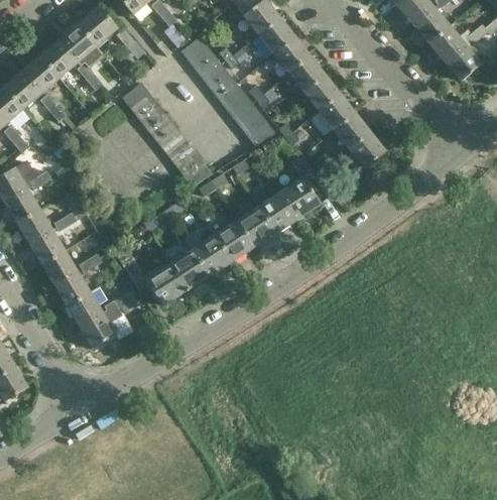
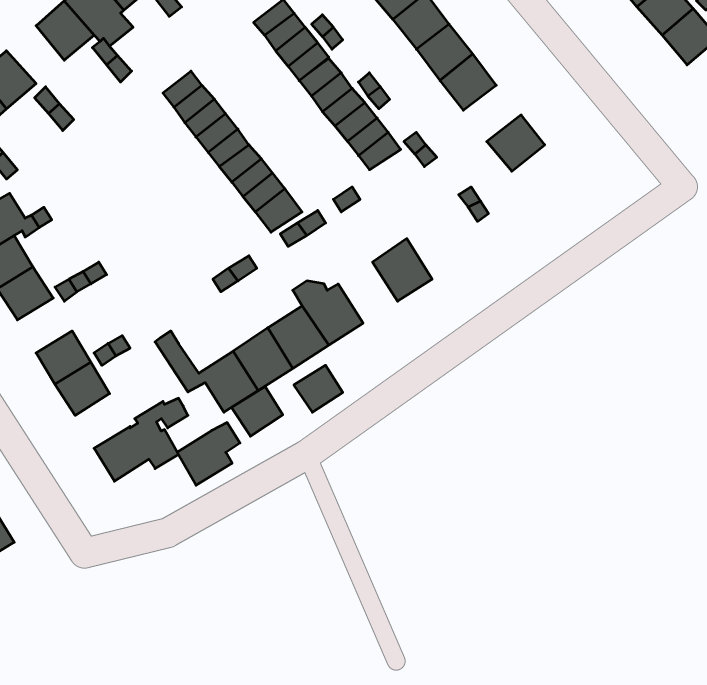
building: [22,54,59,92] -> none
building: [317,93,354,129] -> none
building: [348,131,385,168] -> none
building: [280,156,320,218] -> none
building: [236,207,274,246] -> none
building: [29,230,65,265] -> none
building: none -> [294,365,343,412]
building: [67,286,107,327] -> [177,423,240,485]
building: none -> [232,386,283,436]

